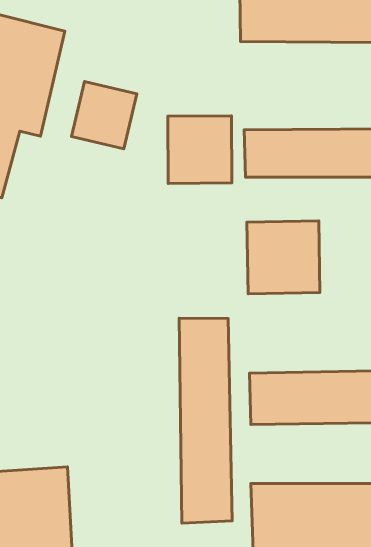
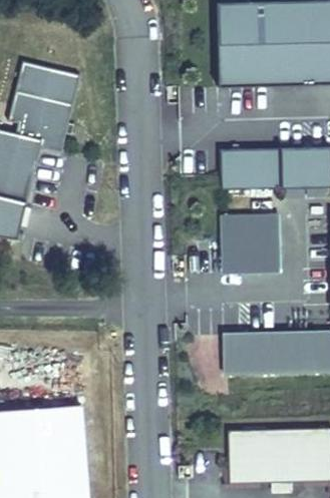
building: [71,81,137,149] -> none
building: [168,116,232,183] -> none
building: [179,318,232,523] -> none

